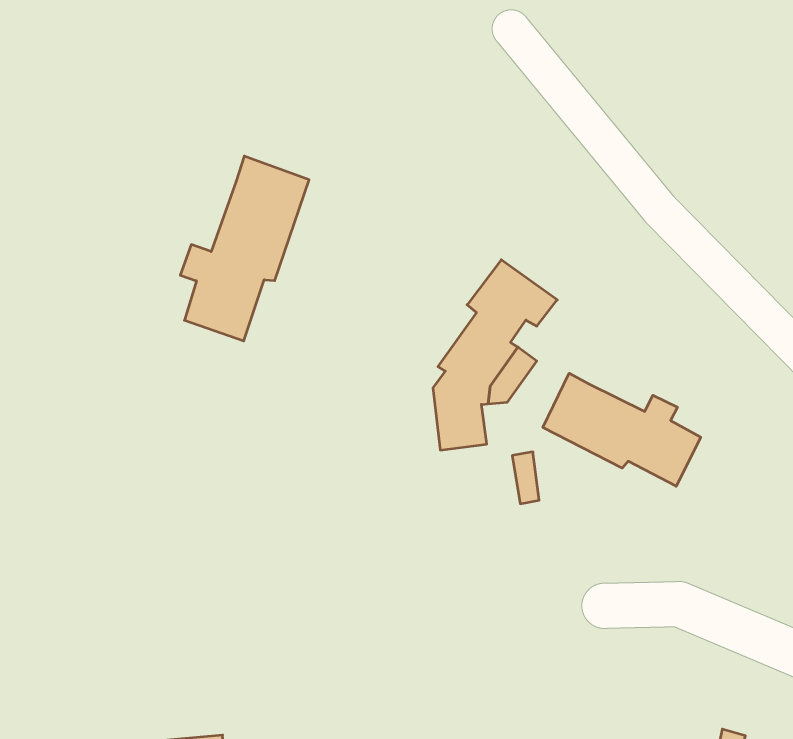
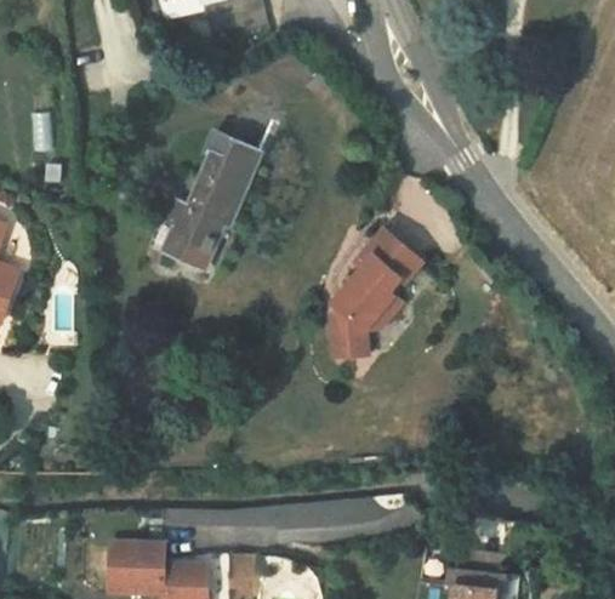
building: [543,373,701,486] -> none

